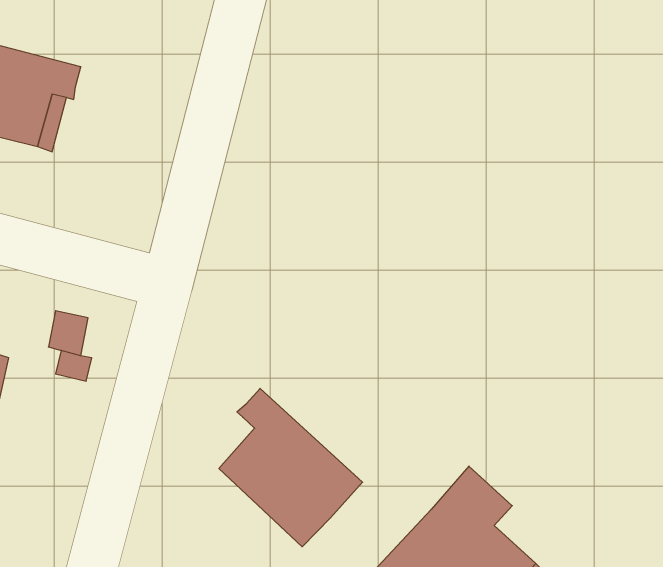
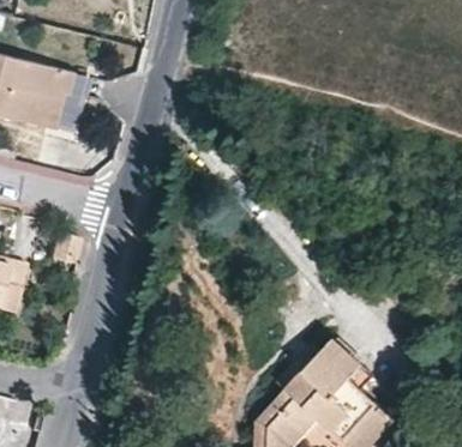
building: [219,388,363,547] -> none

